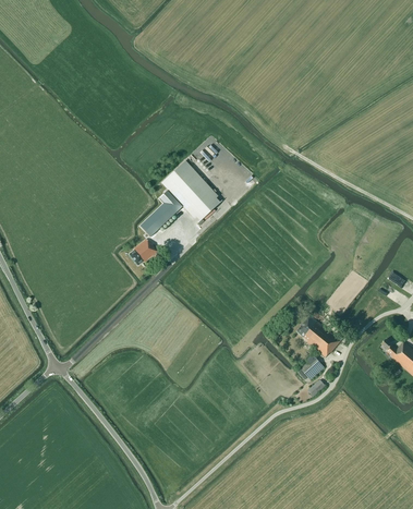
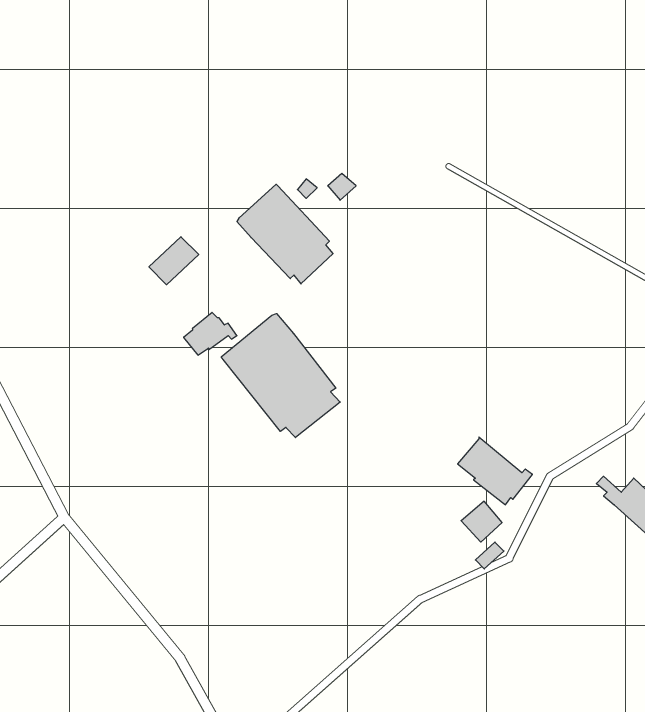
building: [139,207,170,237] -> [149,237,199,285]
building: none -> [221,314,340,438]

